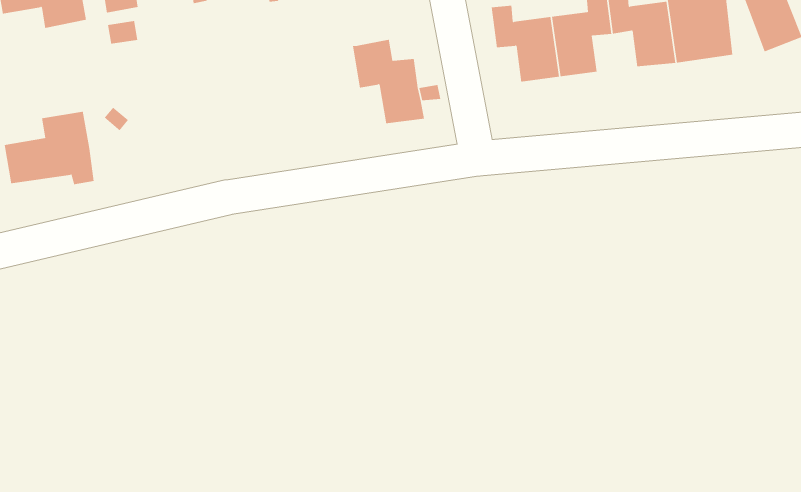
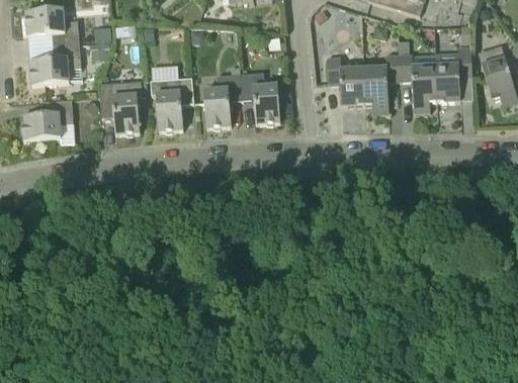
building: none -> [29,43,80,85]
building: none -> [203,74,242,127]
building: none -> [150,77,194,130]
building: none -> [99,80,142,133]

